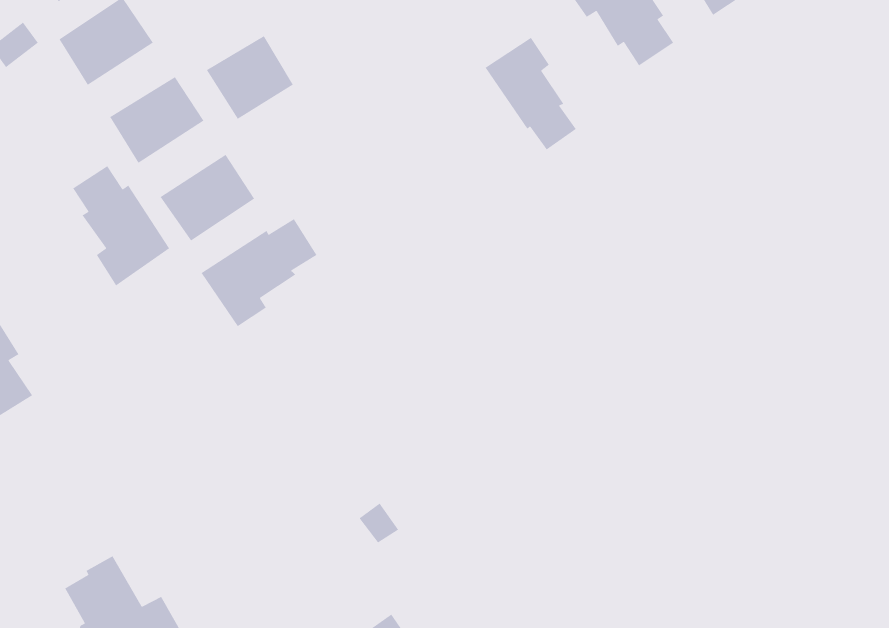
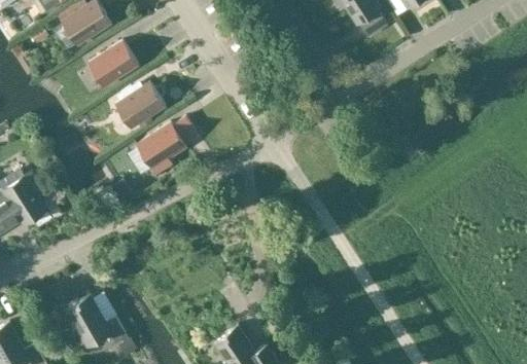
building: [206,35,294,120] -> none
building: [484,37,577,151] -> none
building: [72,165,170,287] -> none

